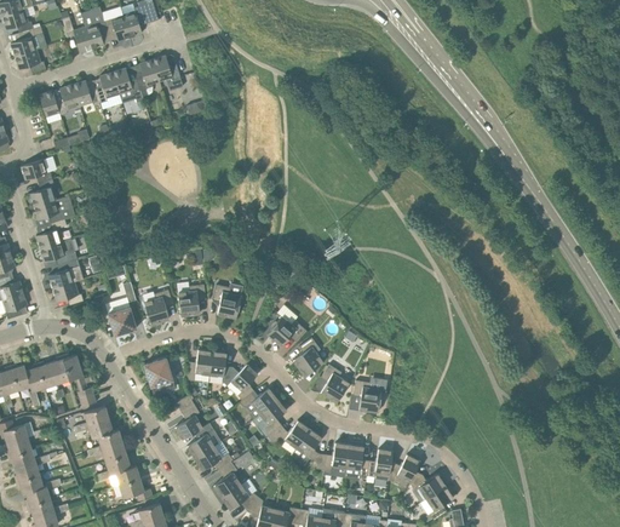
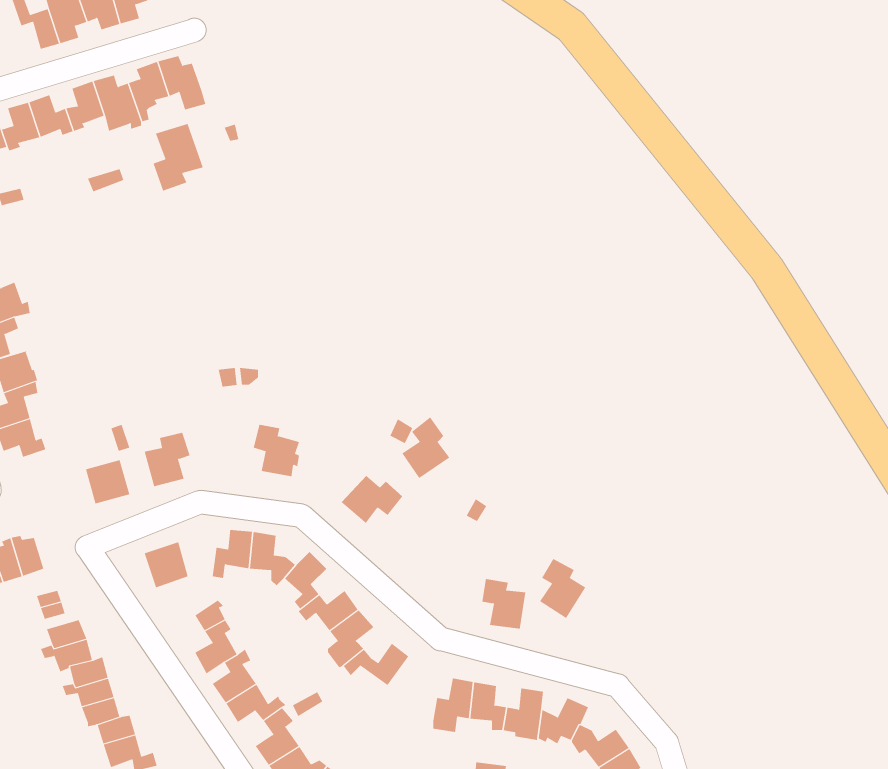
building: none -> [153,123,203,192]
building: [178,285,206,315] -> none
building: [293,337,323,376] -> [401,416,450,479]
building: [320,365,349,402] -> [539,558,586,619]
building: [295,429,326,469] -> none

